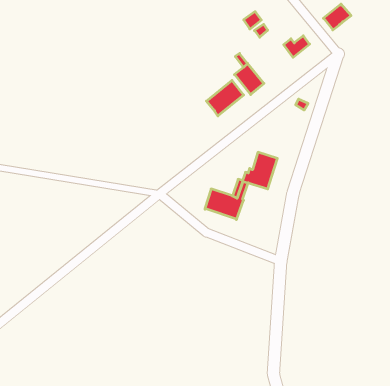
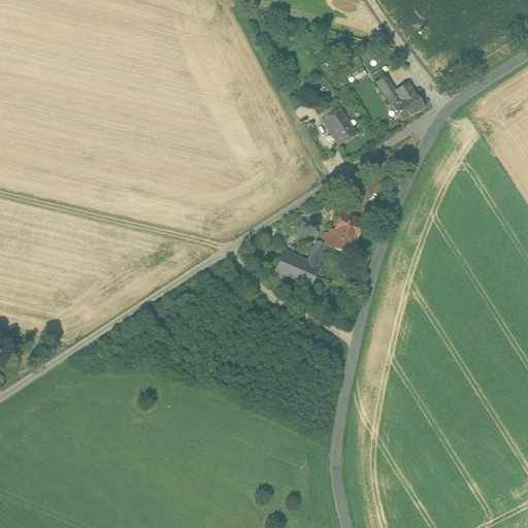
building: [323,4,351,30] -> [392,91,424,120]
building: [206,80,244,116] -> none

